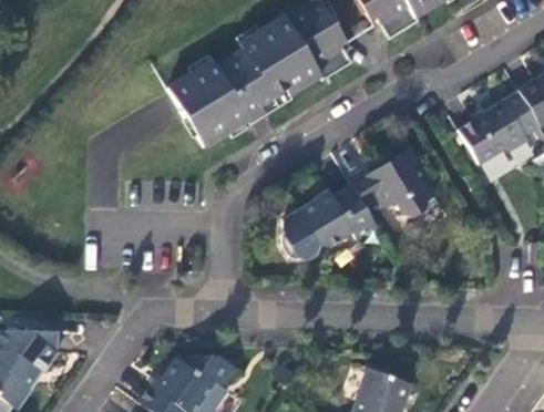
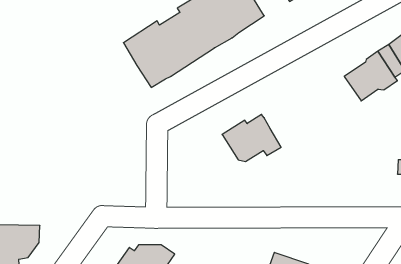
building: [348,147,437,218] -> none
building: [284,209,320,259] -> none

